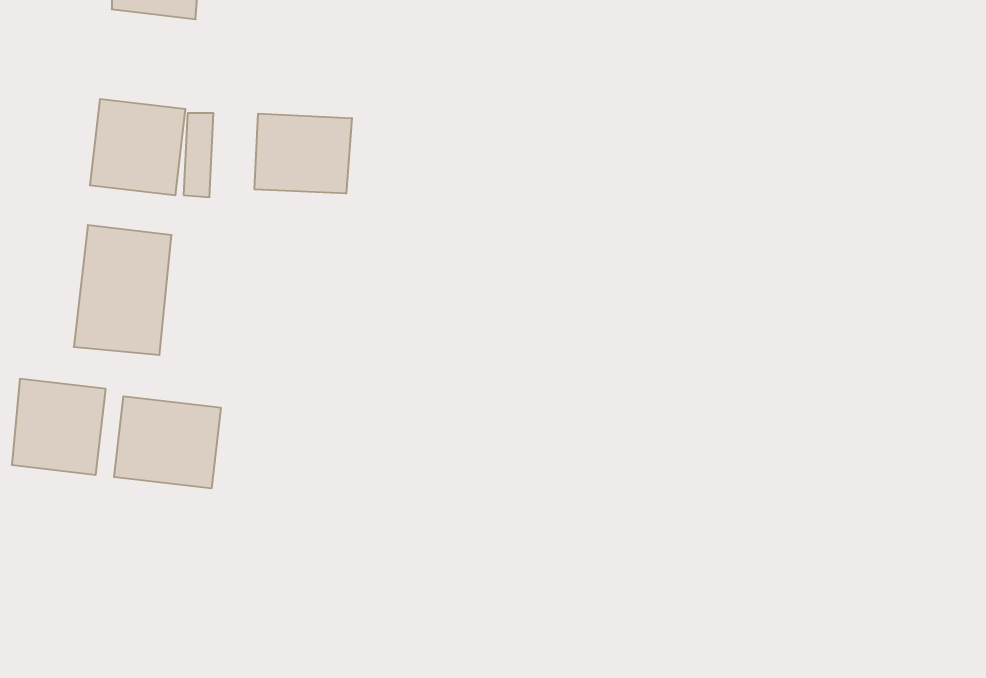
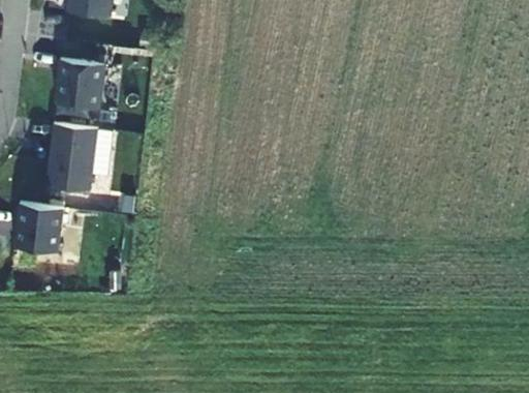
building: [255,114,352,194] -> none
building: [114,396,221,488] -> none

